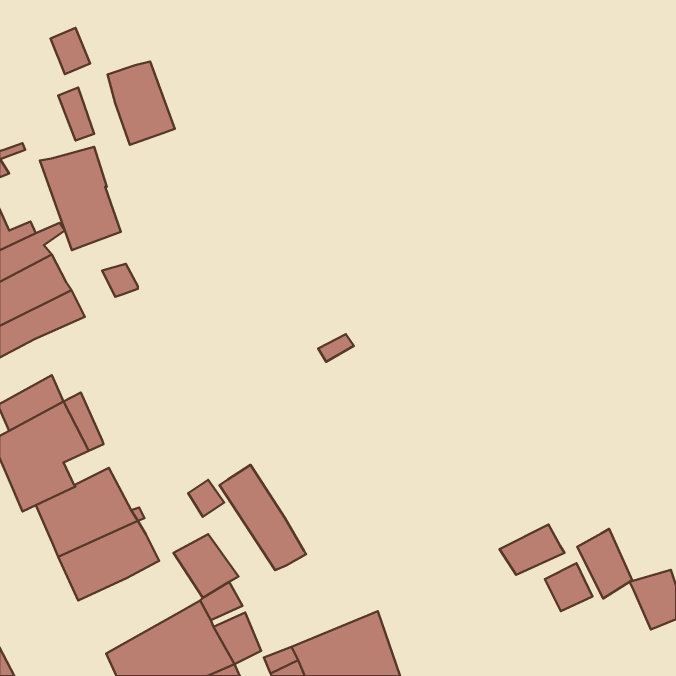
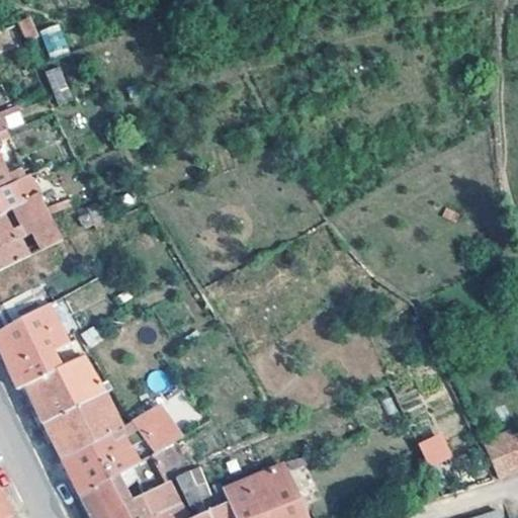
building: [107,61,175,145] -> none
building: [40,147,121,250] -> none
building: [220,465,306,570] -> none
building: [500,525,564,575] -> none
building: [577,529,632,599] -> none
building: none -> [60,429,139,499]

